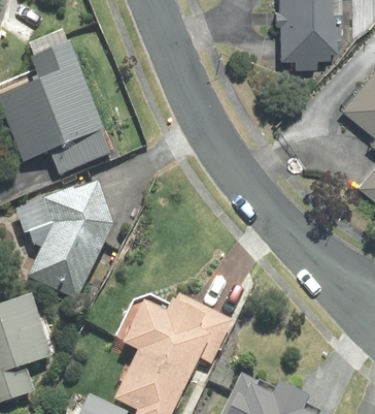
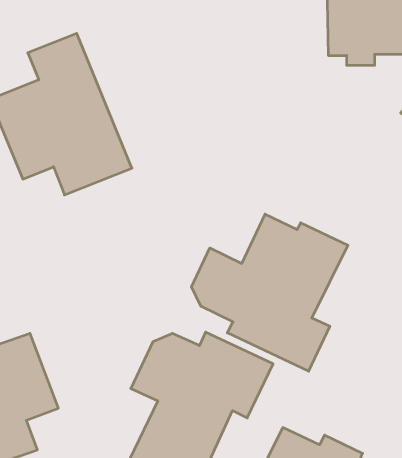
building: [12,180,111,300] -> none
building: none -> [191,214,348,371]

